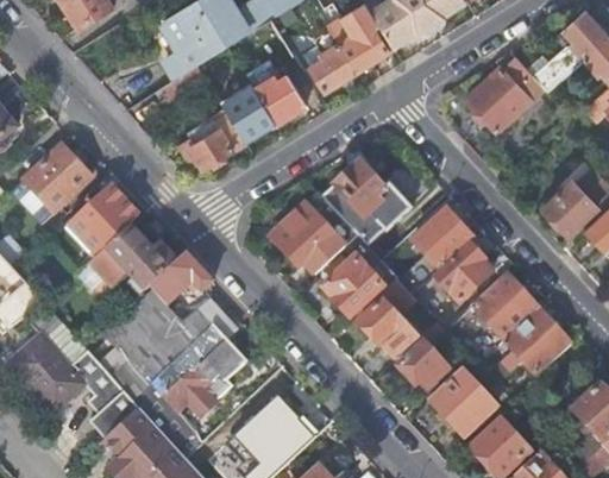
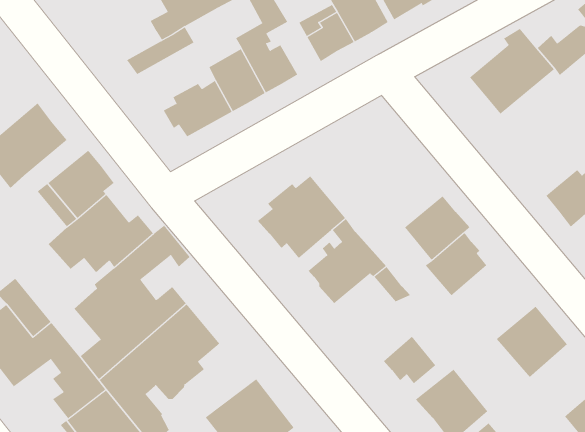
building: [321,162,412,247] -> none
building: [471,273,539,341] -> none
building: [357,298,422,360] -> none

